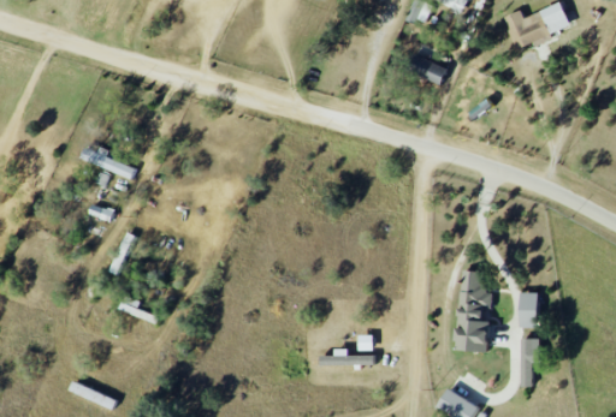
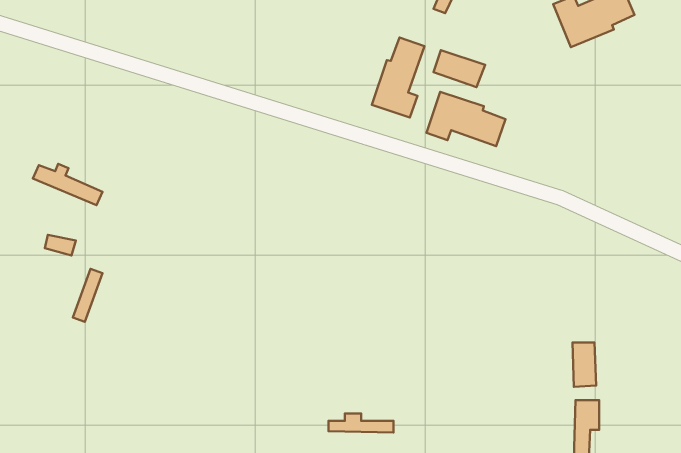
building: none -> [372,38,424,118]
building: none -> [427,92,506,146]
building: [454,270,493,353] -> none

